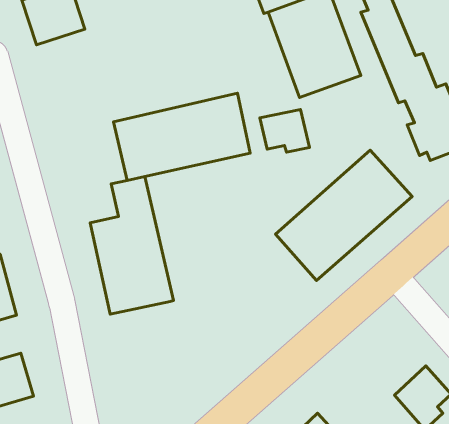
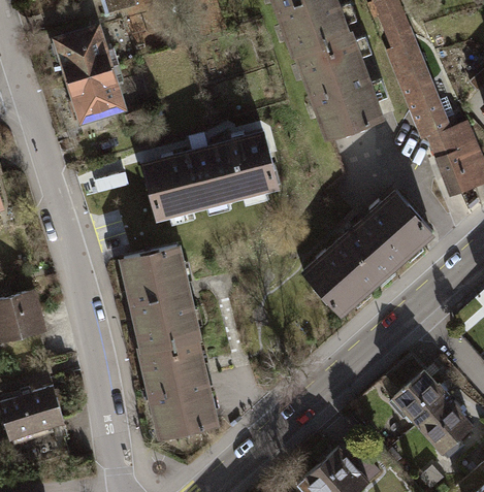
building: none -> [67,68,129,127]
building: [260,109,310,152] -> none
building: none -> [136,335,218,438]
building: none -> [388,356,449,427]

